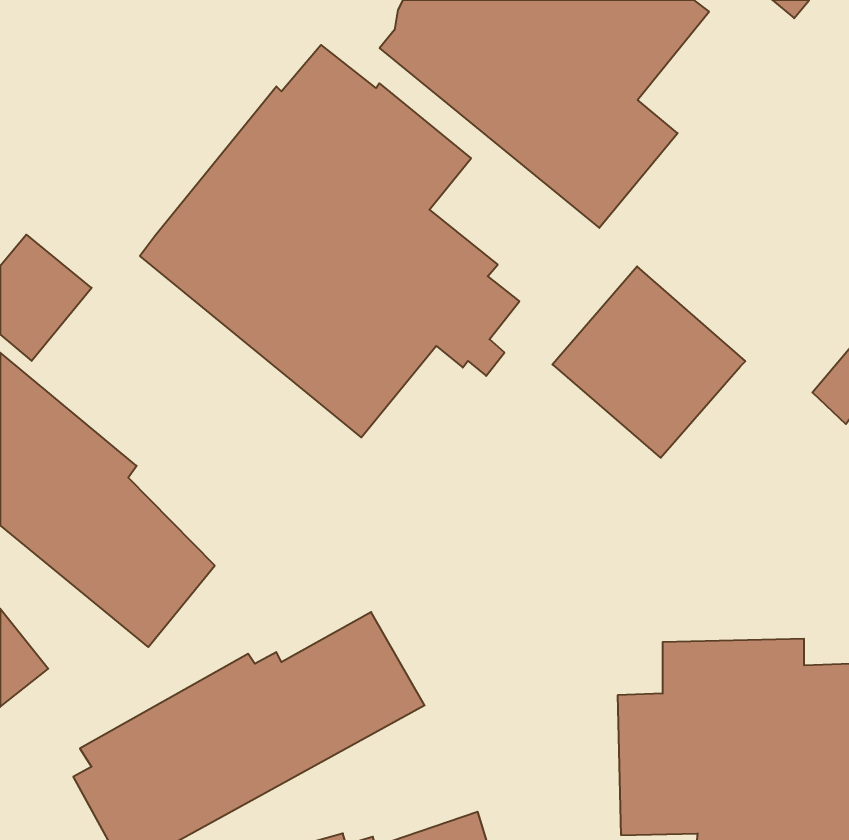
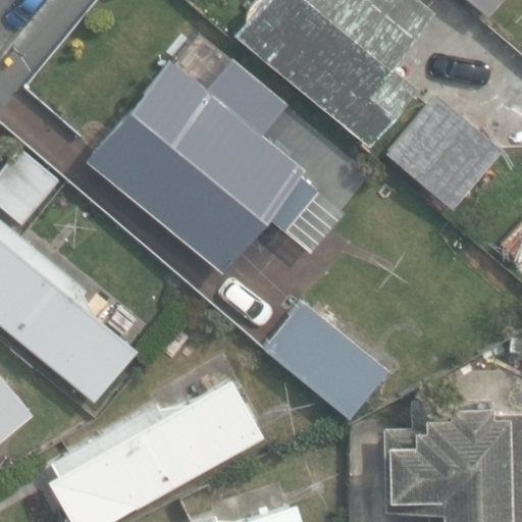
building: [552,266,745,458] -> [386,94,505,211]
building: none -> [263,301,387,419]

